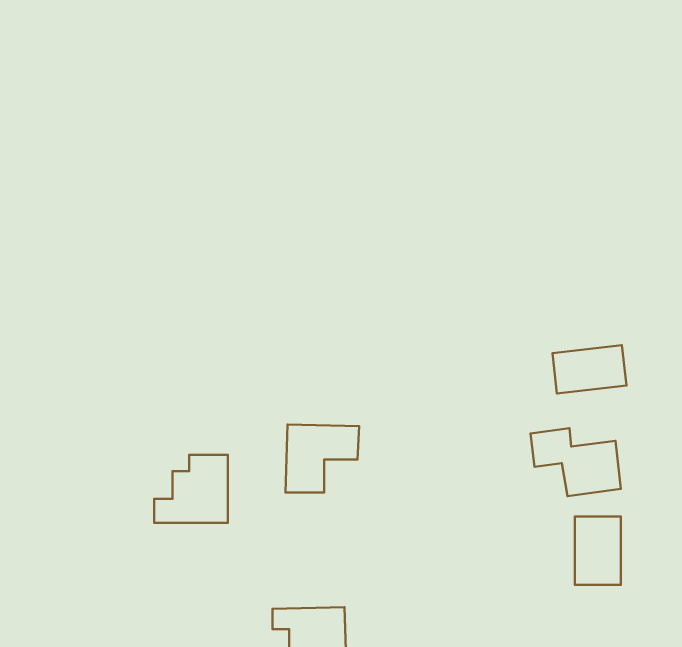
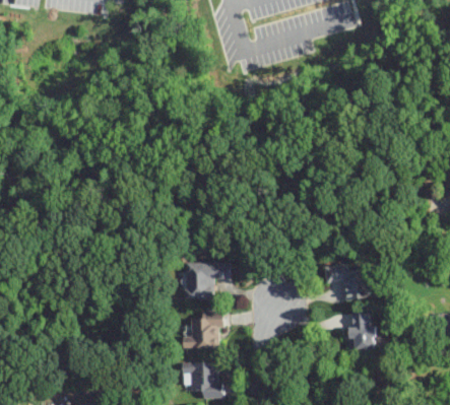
building: [552,345,626,393] -> none
building: [154,455,228,523] -> [181,311,221,348]

